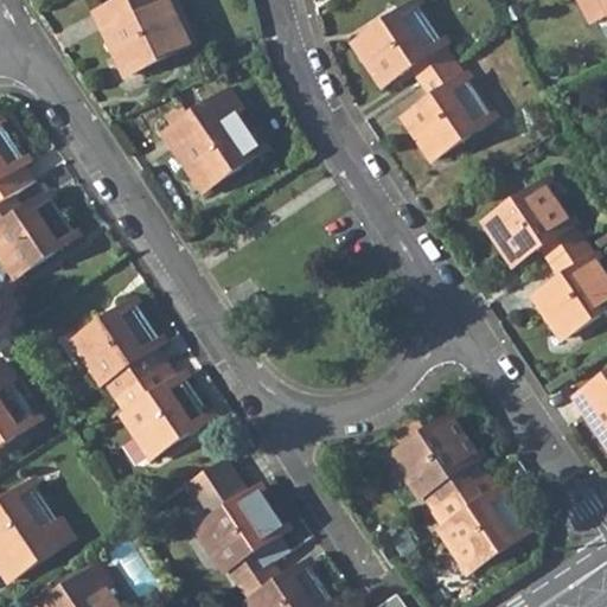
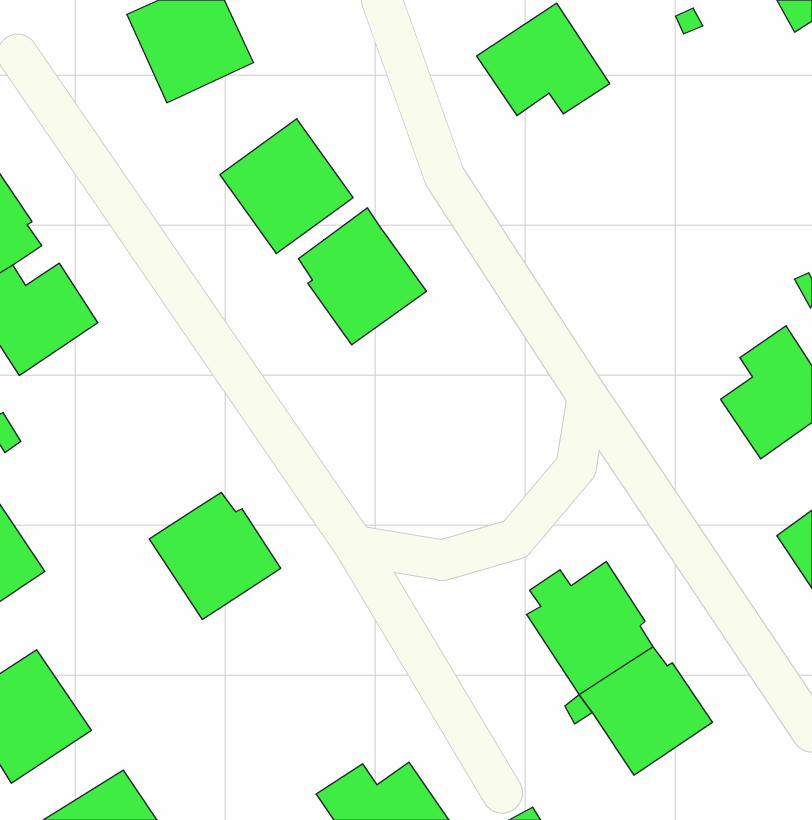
building: [402,62,490,160] -> none
building: none -> [299,208,427,345]
building: [483,181,581,264] -> none
building: [71,301,164,398] -> none
building: [181,460,286,587] -> none

